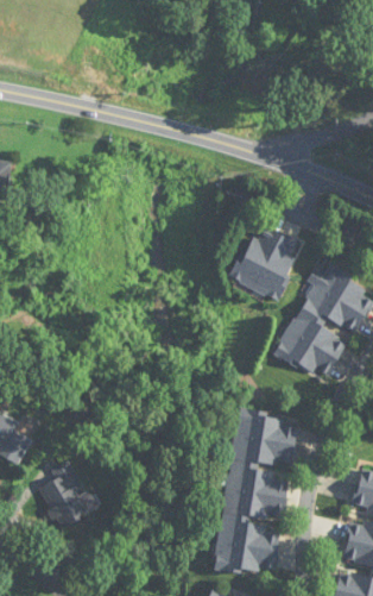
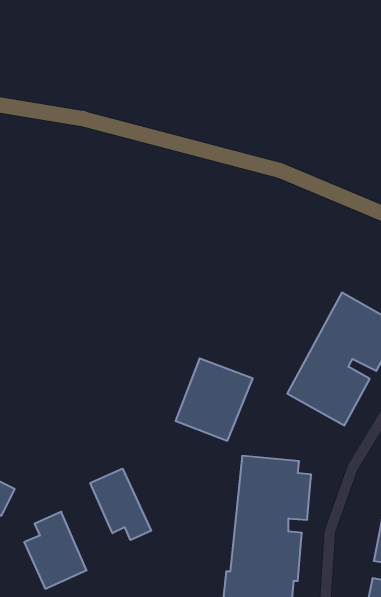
building: [232,225,301,299] -> [176,358,253,441]
building: none -> [90,469,151,540]

